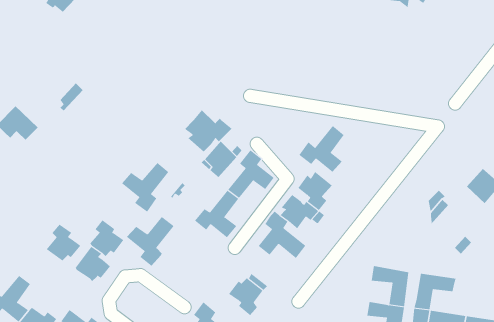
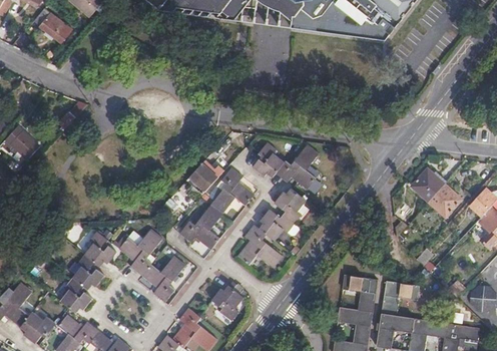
building: [184,109,233,152] -> none
building: none -> [253,142,284,177]
building: none -> [412,169,446,202]
building: [121,162,169,213] -> [141,256,185,302]
building: [46,224,81,261] -> [60,278,92,312]

